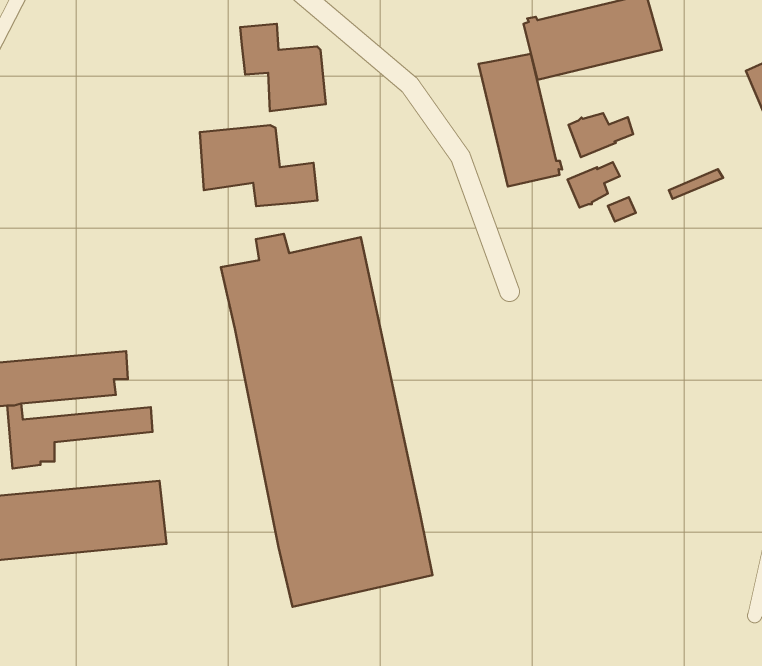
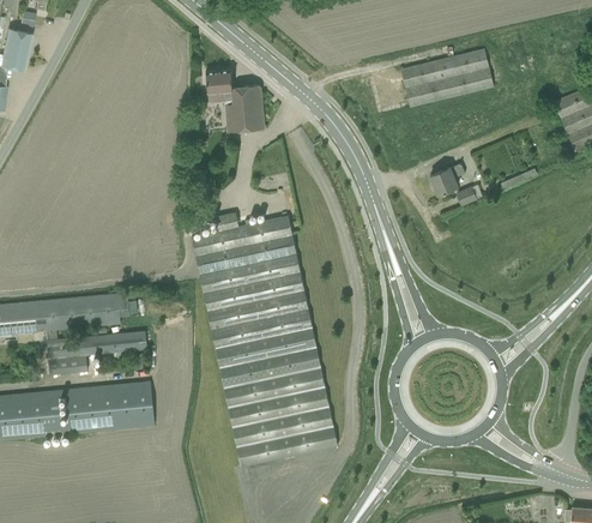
building: [478,54,562,186] -> none
building: [568,113,633,157] -> none
building: [200,125,318,206] -> none

